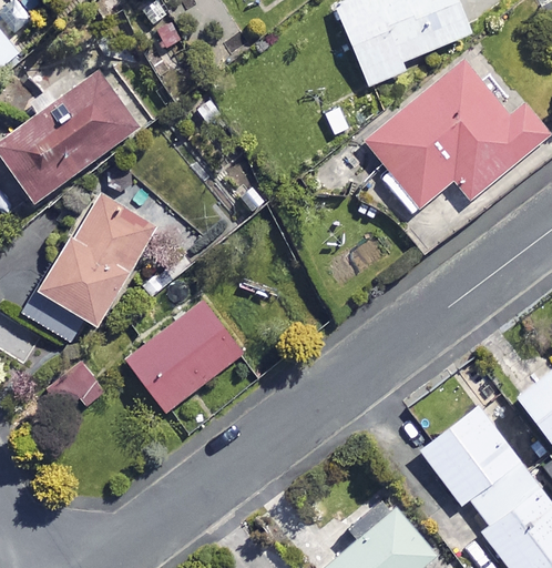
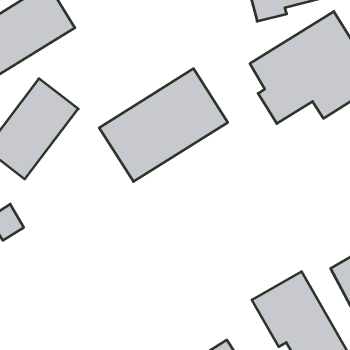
building: none -> [99,69,228,182]
building: [129,302,243,413] -> none

